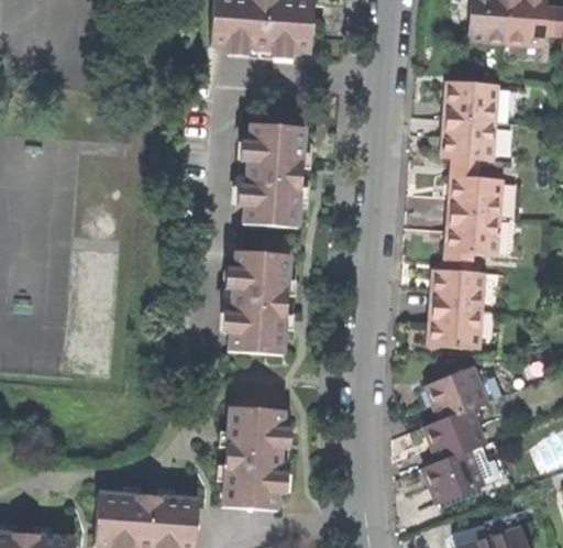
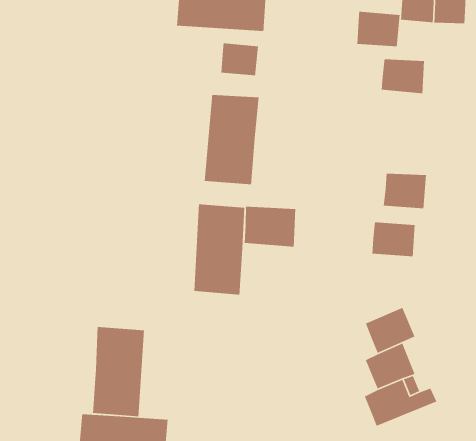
building: none -> [220,43,259,76]
building: [442,120,493,162] -> [356,11,401,47]
building: [450,176,500,217] -> none
building: none -> [244,206,296,247]
building: [431,308,482,350] -> none
building: [224,404,285,508] -> [92,326,145,417]

